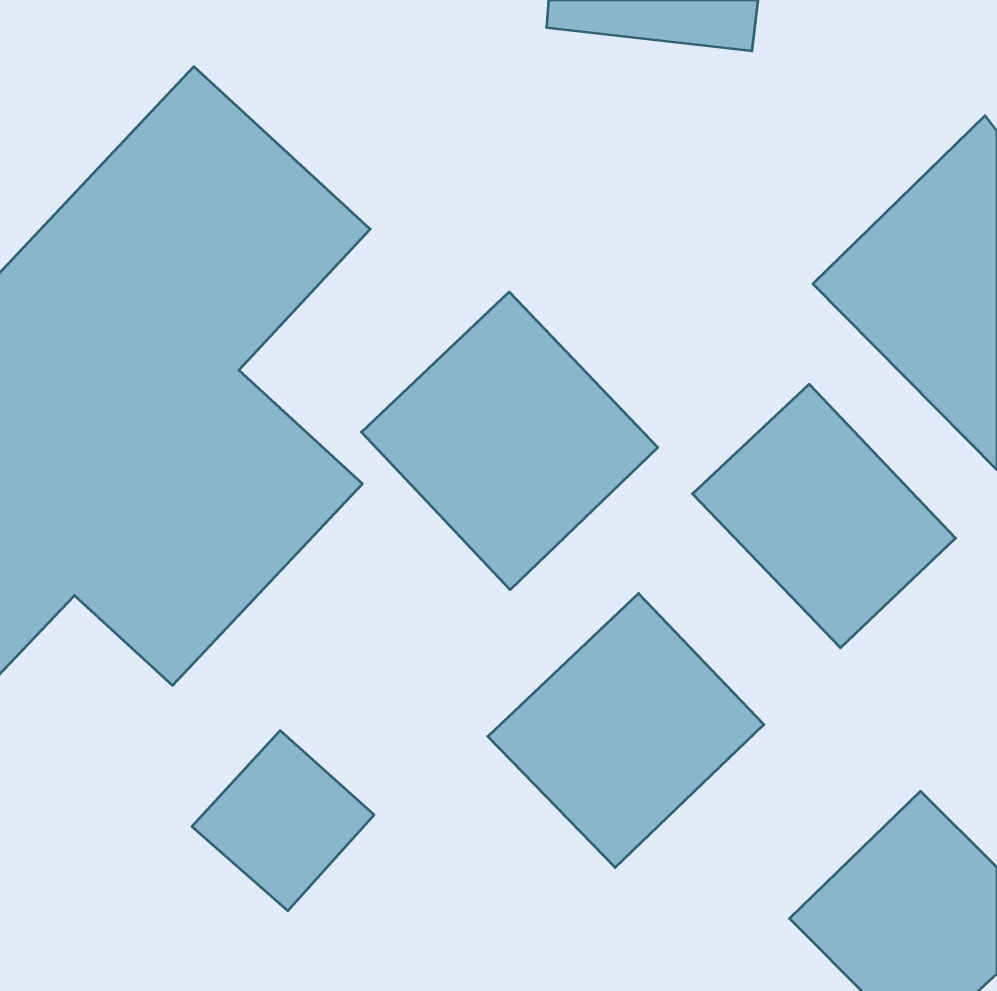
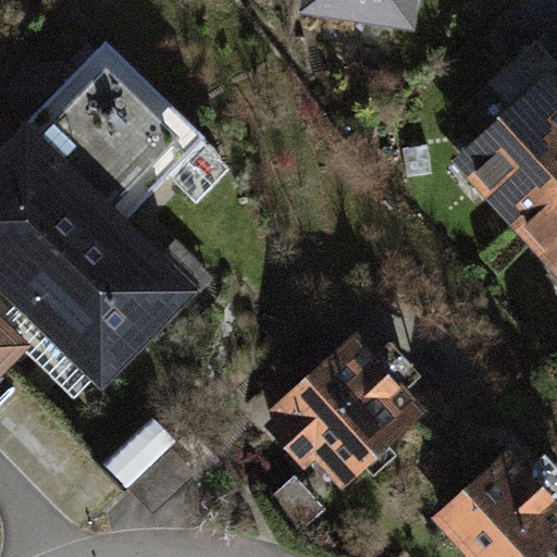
building: [361,292,658,590] -> none
building: [692,384,956,648] -> none

